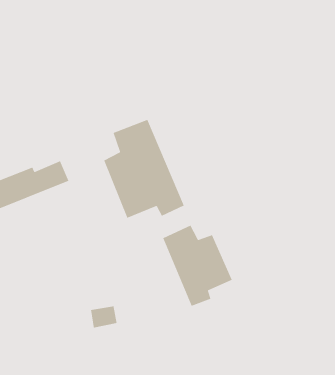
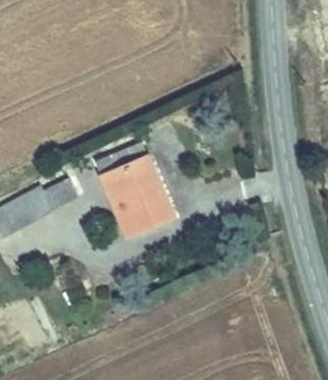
building: [162,225,233,307] -> none

